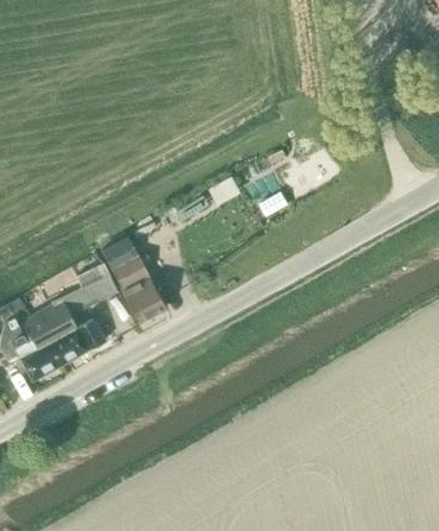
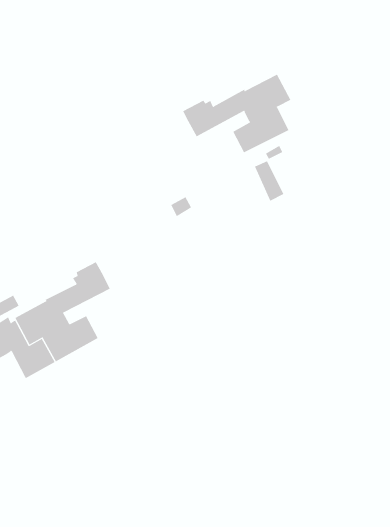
building: none -> [182,74,291,153]
building: [101,235,165,323] -> none

